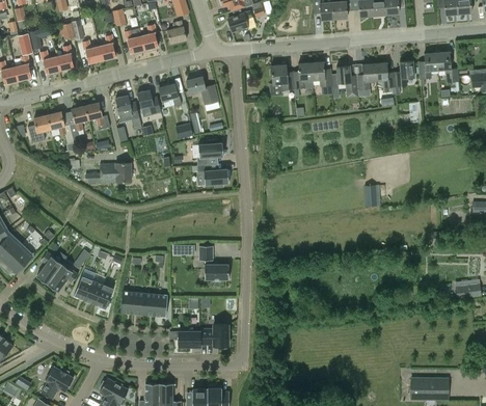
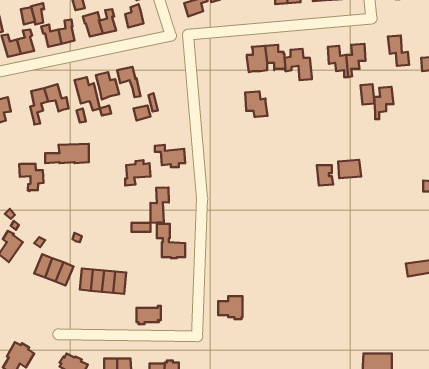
building: [419,53,438,86] -> [374,87,393,119]
building: [356,63,376,94] -> none
building: [271,64,294,90] -> [245,92,268,117]
building: [186,77,218,105] -> none
building: [47,111,74,143] -> none
building: [197,139,223,165] -> [125,160,151,186]
building: none -> [338,160,361,178]
building: none -> [19,164,43,191]
building: none -> [151,187,169,223]
building: [48,264,78,292] -> none
building: [204,324,228,348] -> [218,296,242,319]

